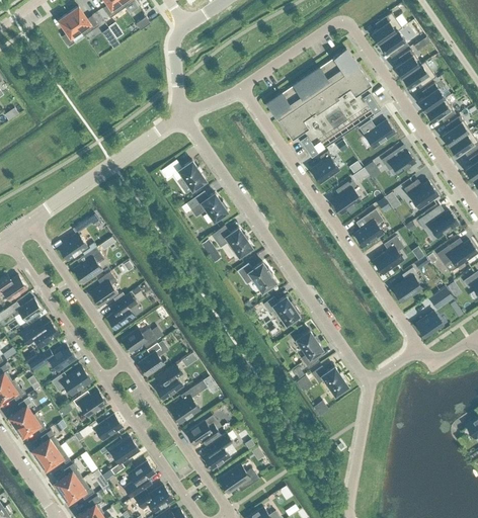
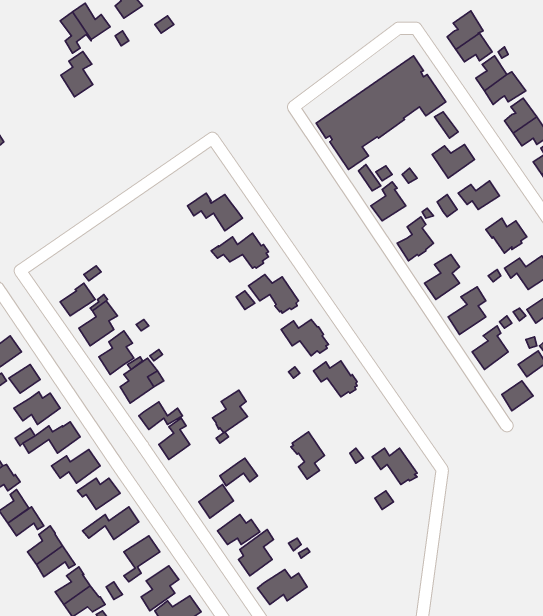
building: none -> [61,52,93,97]
building: [295,330,322,368] -> [291,432,325,479]
building: [154,364,182,399] -> [212,390,247,433]

